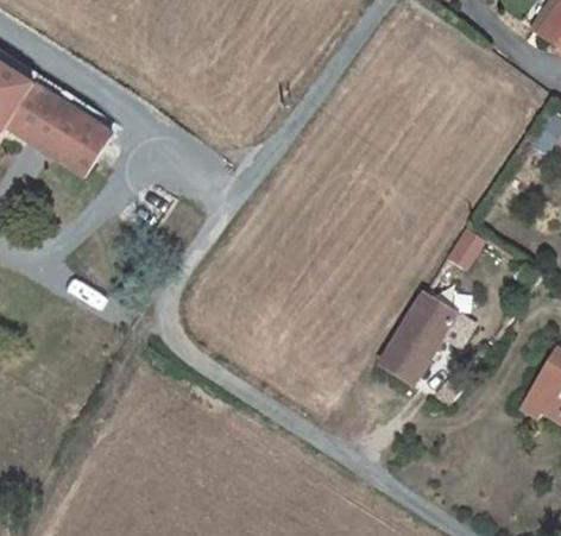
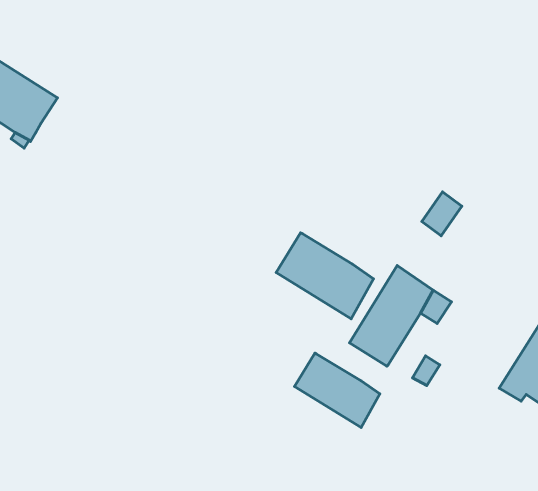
building: none -> [276,233,374,319]
building: none -> [294,353,380,428]

